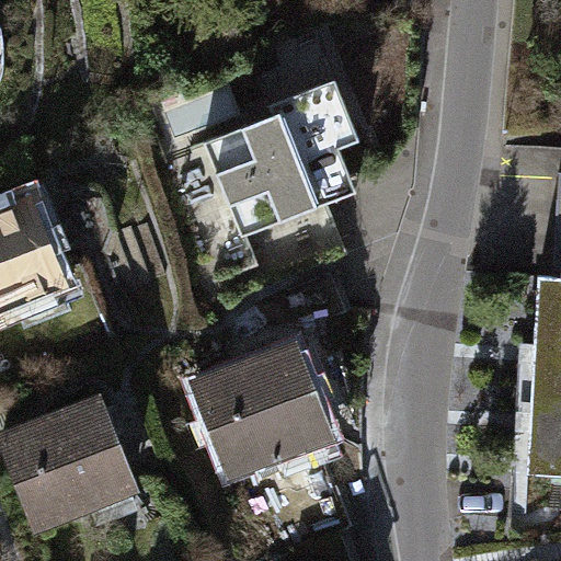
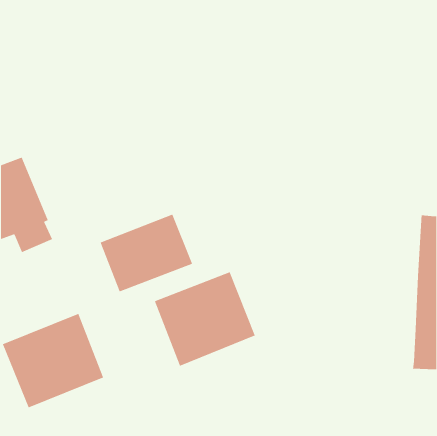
building: [204,79,359,237] -> none
building: none -> [99,213,193,293]

